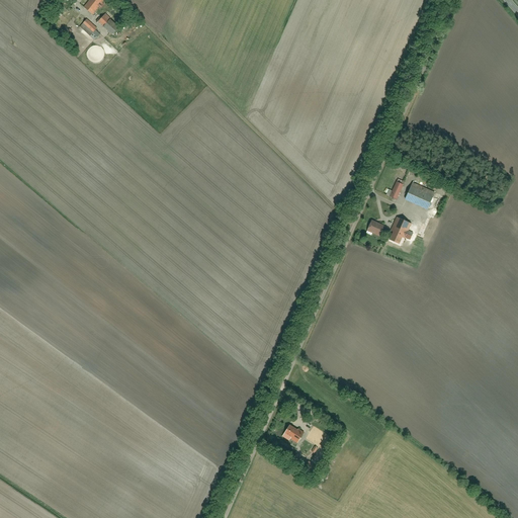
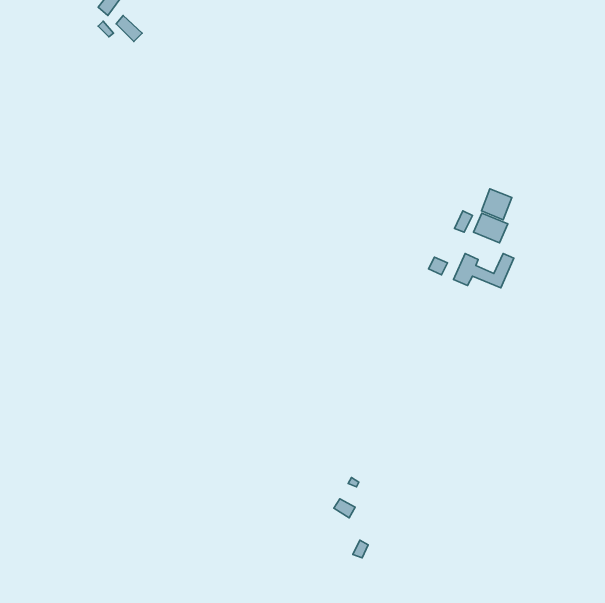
building: none -> [481,189,512,220]

